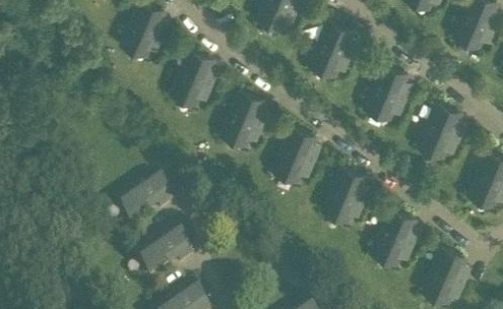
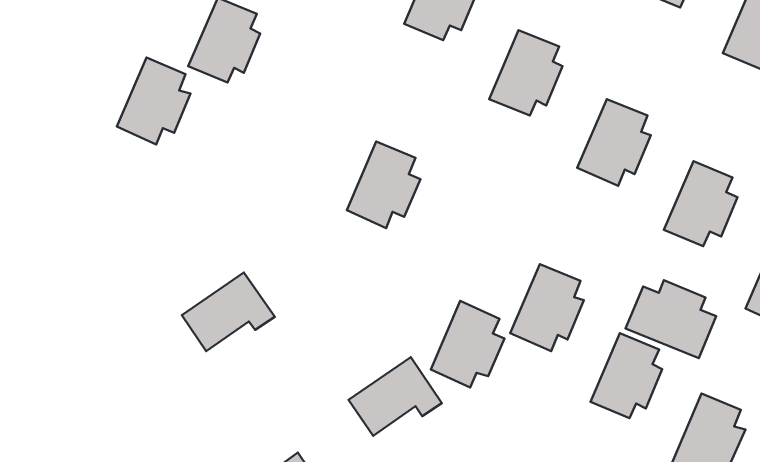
building: [174,49,219,103] -> [117,58,191,144]
building: [275,125,321,179] -> [431,301,504,388]
building: none -> [626,280,716,358]
building: [138,227,196,275] -> [349,357,442,436]

